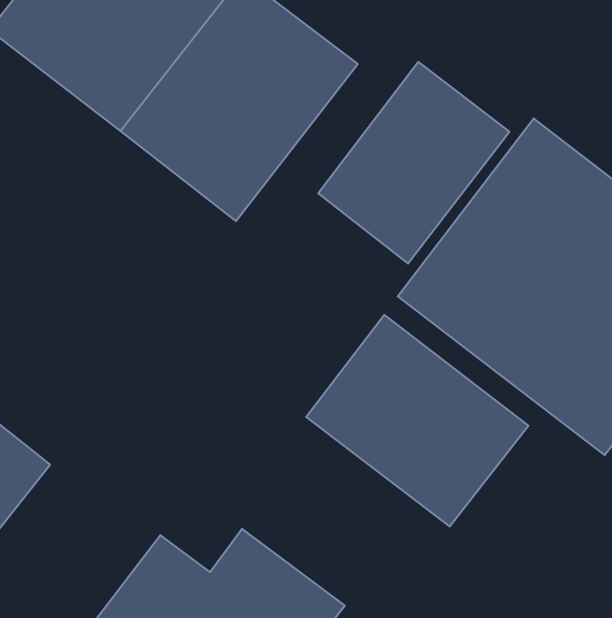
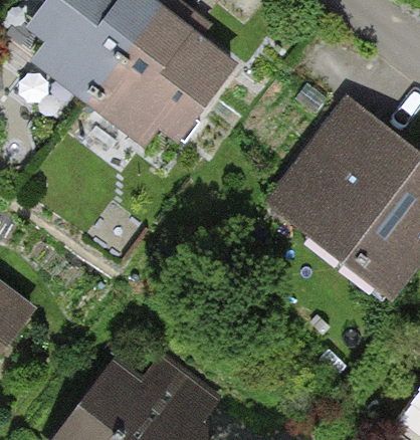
building: [318,62,509,264] -> none
building: [306,315,529,526] -> none

